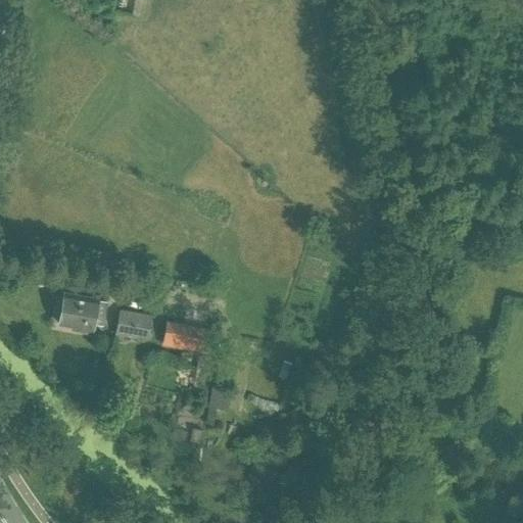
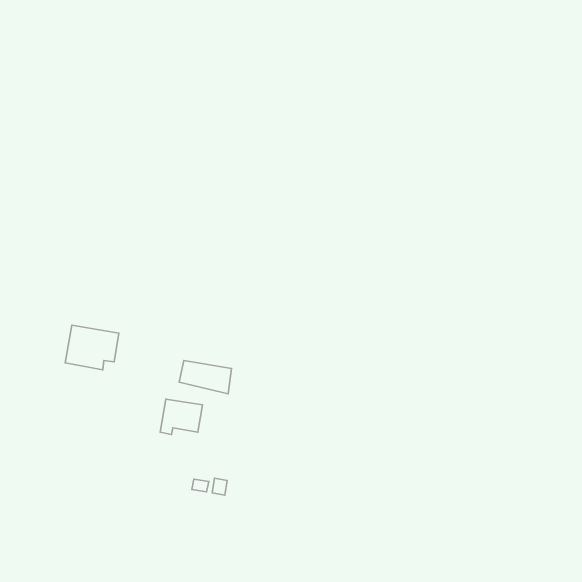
building: [114,311,152,342] -> [160,399,202,435]

